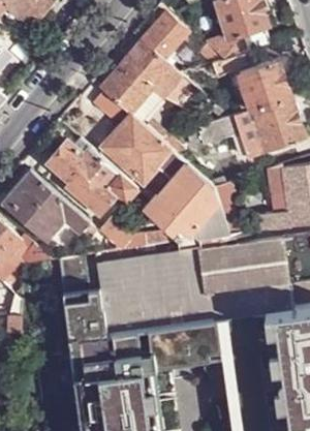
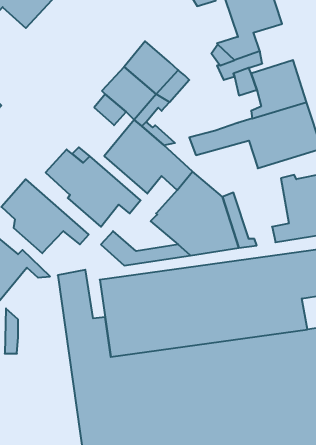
building: [140,12,187,60] -> none

